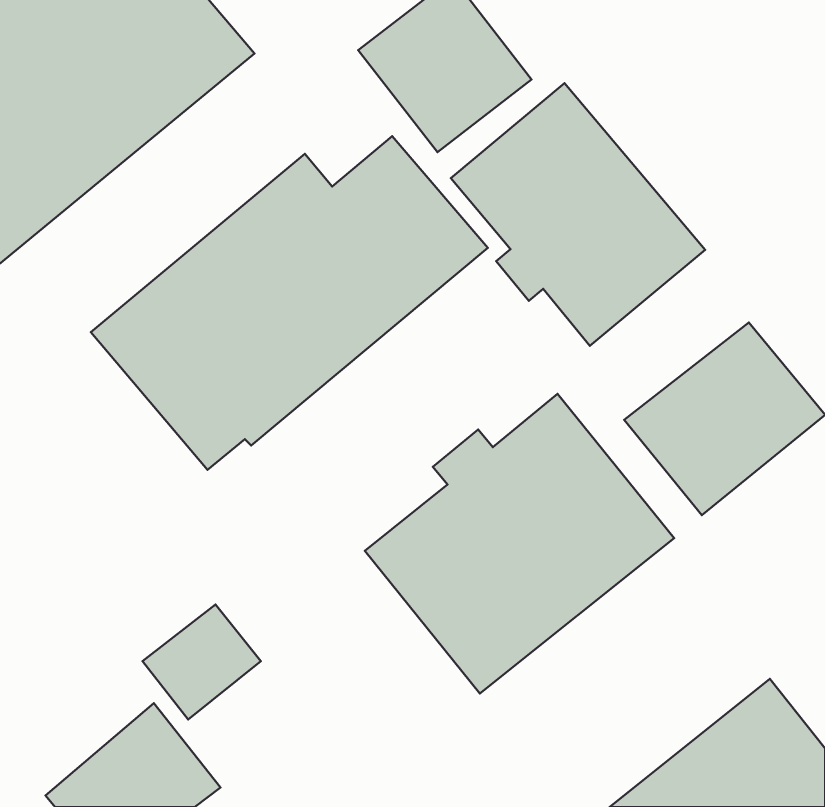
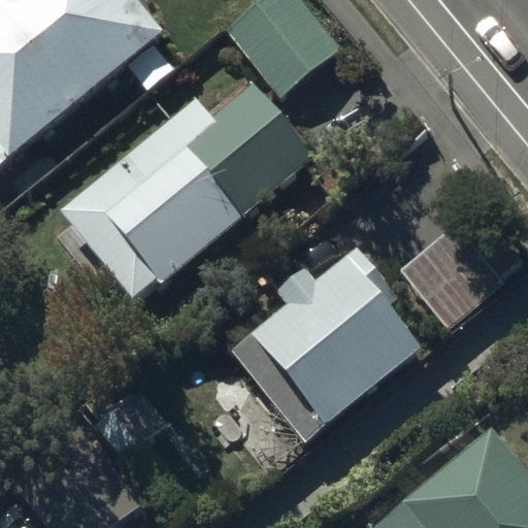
building: [451,83,705,346] -> none

